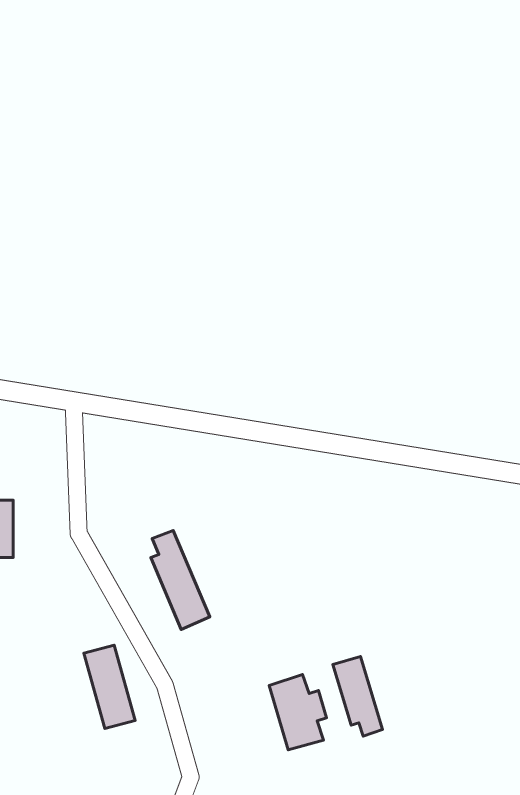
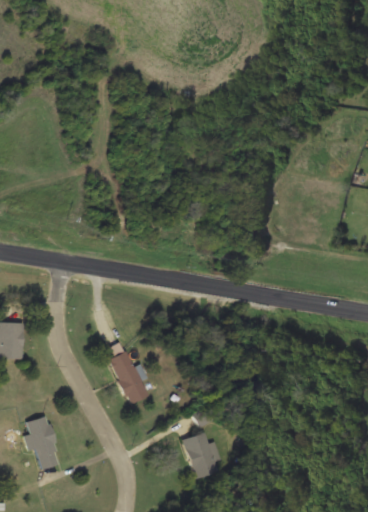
building: [84,645,135,729] -> [27,416,59,468]
building: [333,657,382,736] -> none

